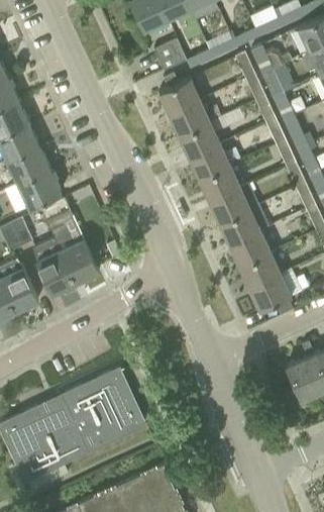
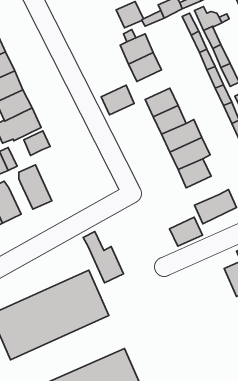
building: [180,123,220,160] -> [101,85,134,115]
building: [49,221,99,284] -> [83,232,124,283]
building: [240,253,281,289] -> [169,217,202,246]

